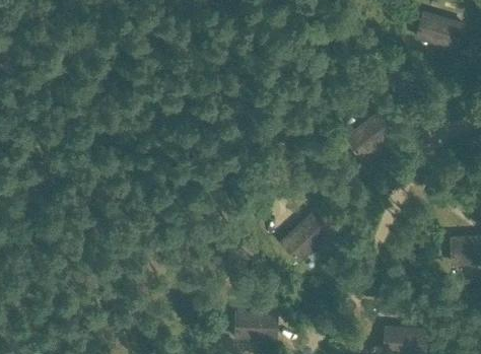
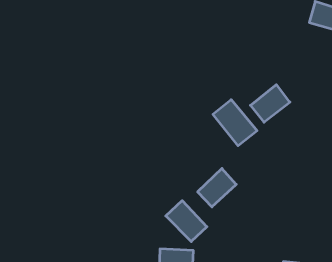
building: none -> [213,100,257,146]
building: none -> [166,201,207,242]

